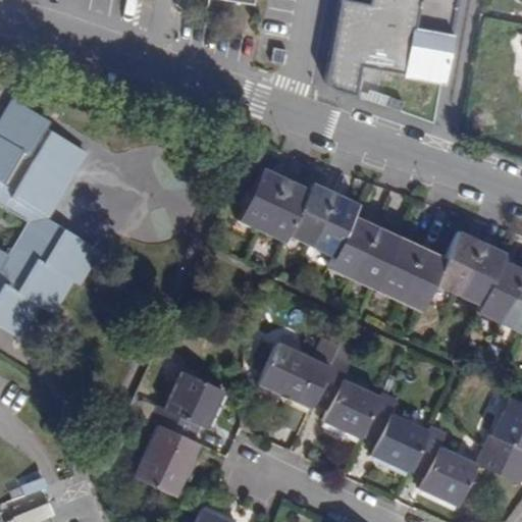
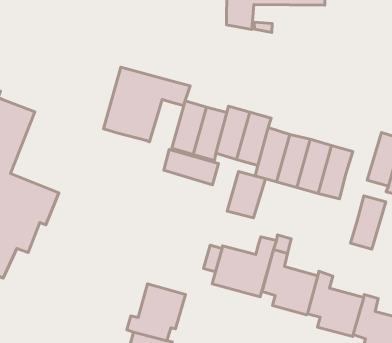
building: none -> [103,67,190,142]
building: none -> [164,150,218,185]
building: [434,231,483,295] -> [350,196,386,249]
building: none -> [227,171,266,218]

